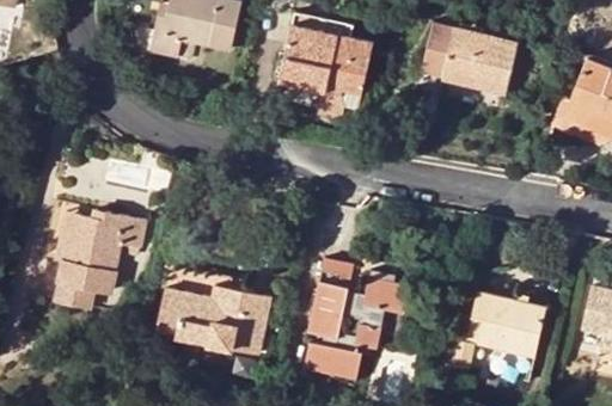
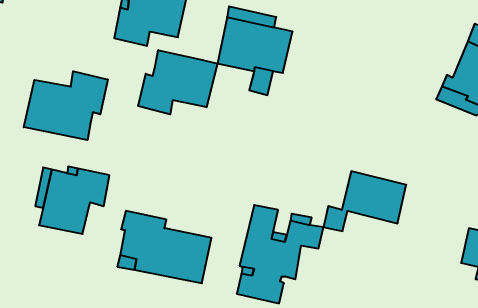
building: [421,25,521,97] -> none
building: none -> [138,50,217,114]
building: none -> [24,71,108,140]
building: [442,294,545,368] -> [323,171,406,231]

